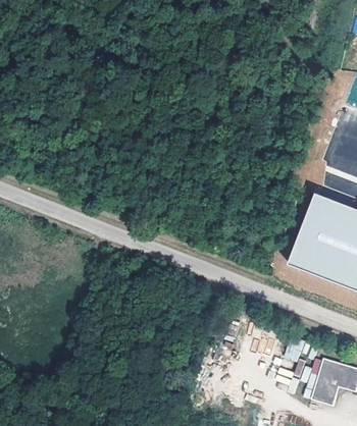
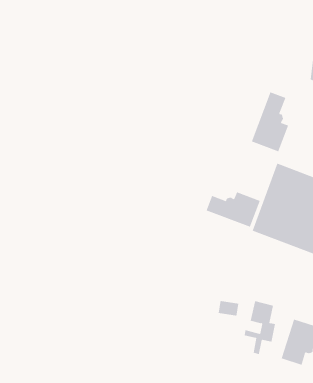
building: none -> [251,92,289,152]
building: none -> [206,191,260,227]

